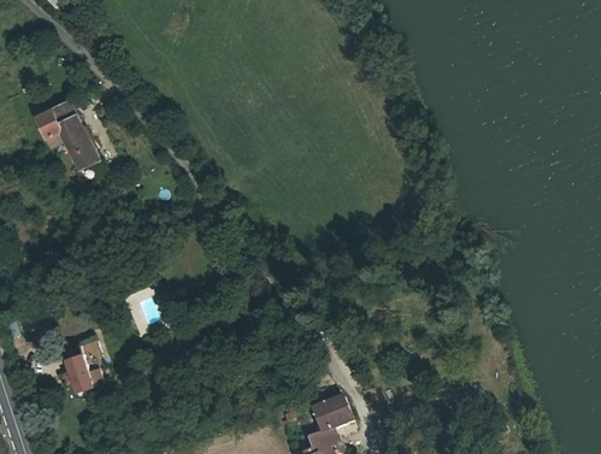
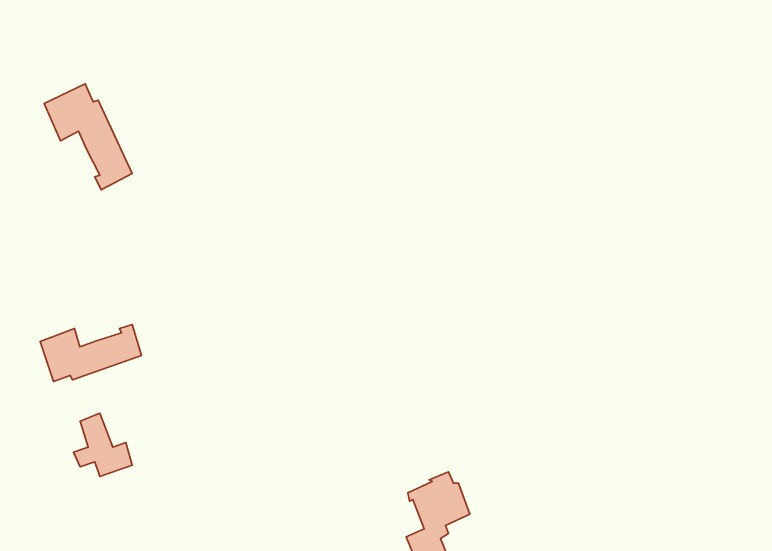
building: none -> [40,324,141,381]

